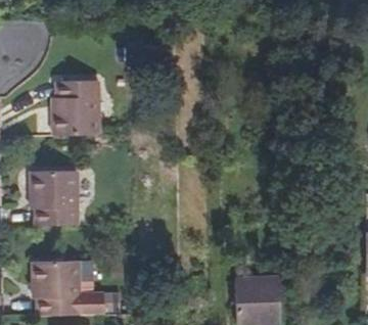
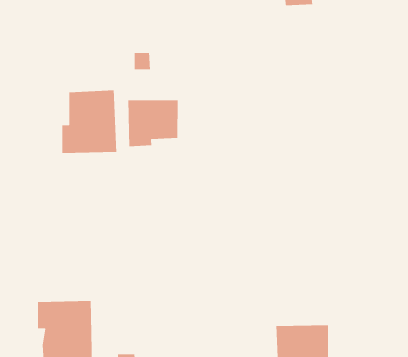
building: none -> [128,100,179,147]
building: [30,168,78,222] -> none

